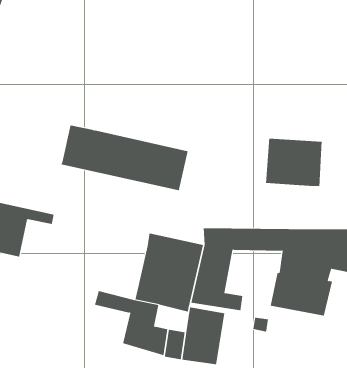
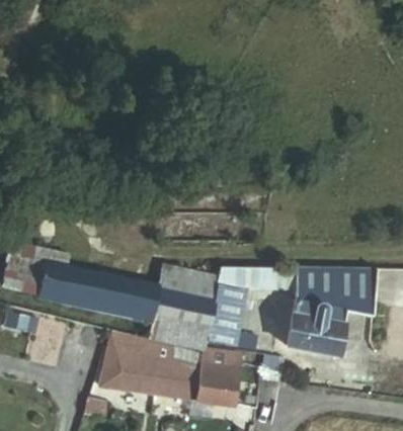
building: [61,125,189,191] -> [35,259,163,325]
building: [266,138,322,187] -> none
building: none -> [103,344,146,381]

